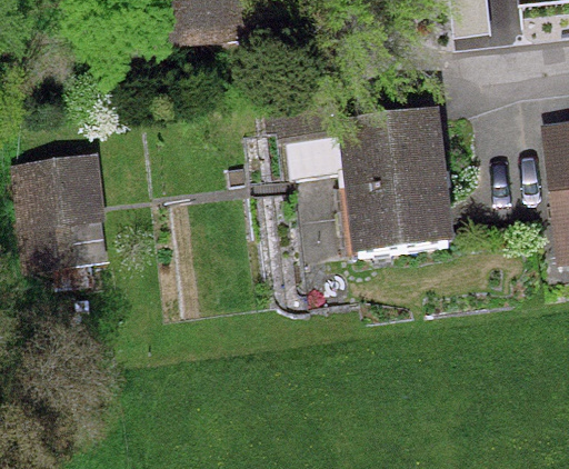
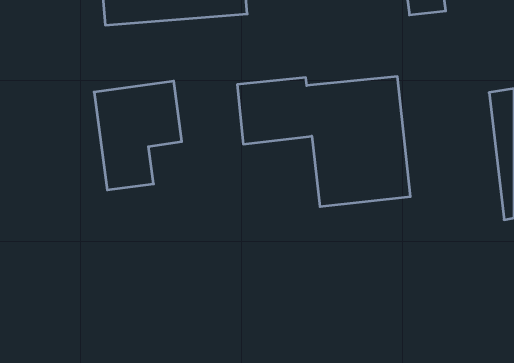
building: [10,153,107,273] -> [94,81,182,190]

